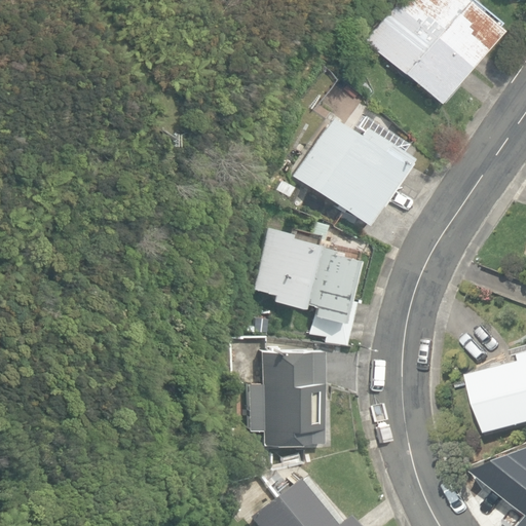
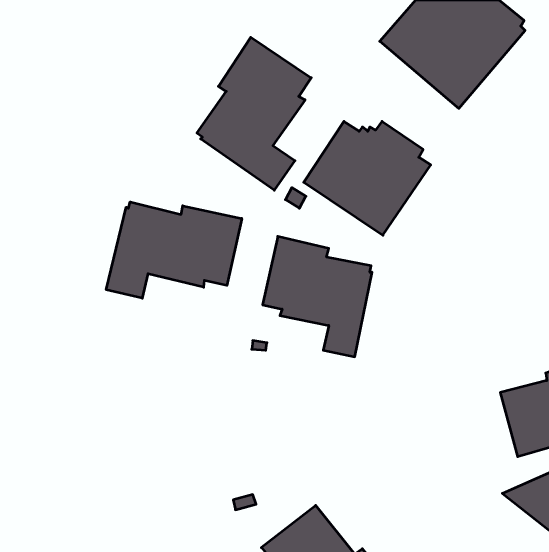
building: none -> [197,37,311,190]
building: none -> [106,202,242,298]
building: [252,348,327,445] -> none

